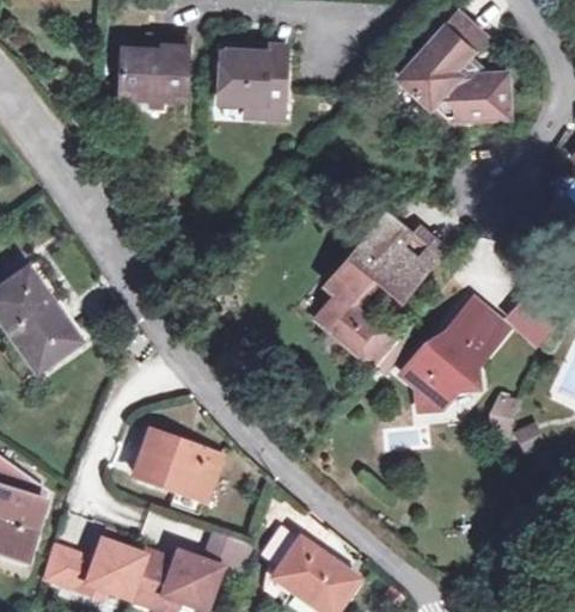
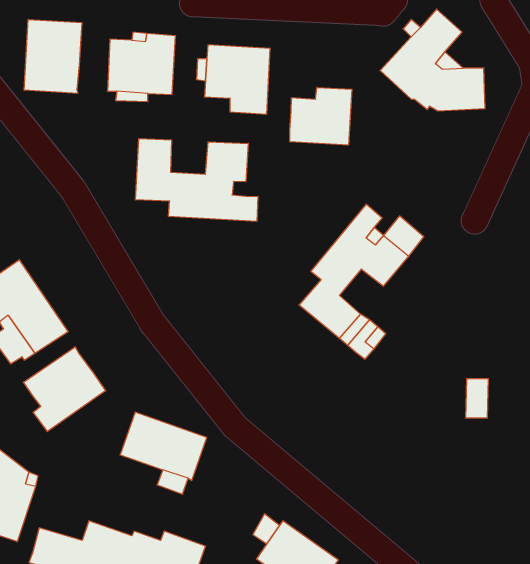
building: none -> [24,19,82,93]
building: none -> [290,87,352,145]
building: none -> [135,139,258,221]
building: [403,298,510,406] -> none
building: none -> [23,347,106,432]

